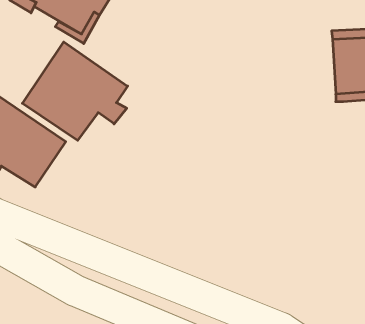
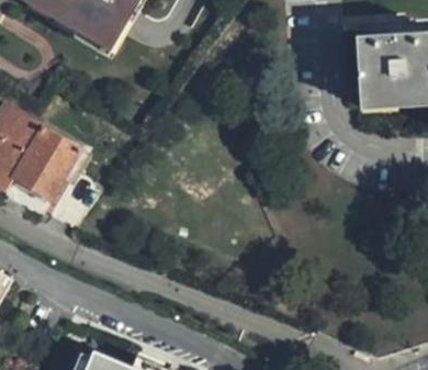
building: [22,42,128,140] -> none

